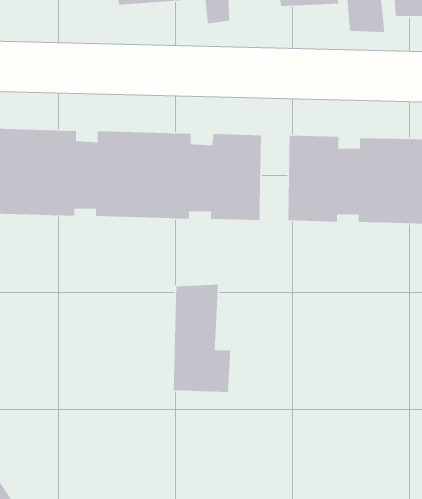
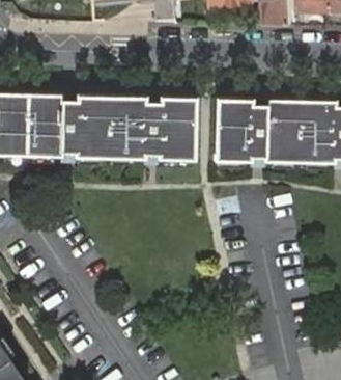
building: [173,284,231,393] -> none

